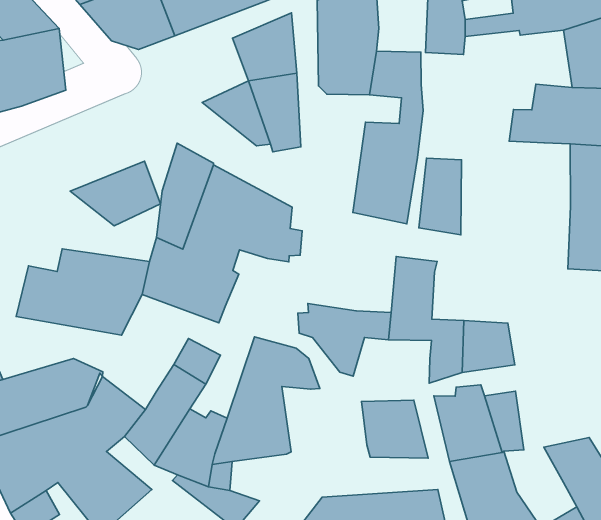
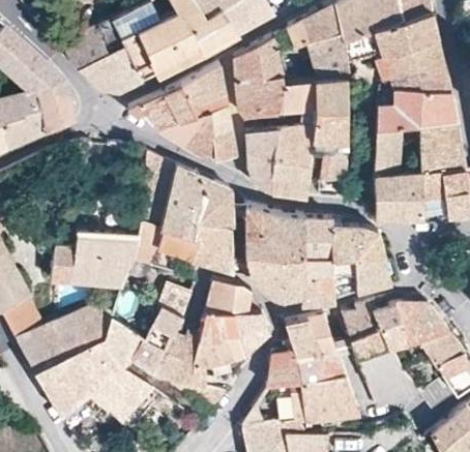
building: none -> [377,56,415,94]
building: none -> [311,79,345,151]
building: none -> [249,130,277,192]
building: none -> [376,133,423,217]
building: [70,161,161,226] -> [134,82,196,127]
building: none -> [241,208,306,259]
building: none -> [194,224,245,277]
building: none -> [333,228,386,260]
building: none -> [285,274,336,305]
building: none -> [237,313,273,358]
building: none -> [395,303,448,342]
building: none -> [271,349,349,387]

